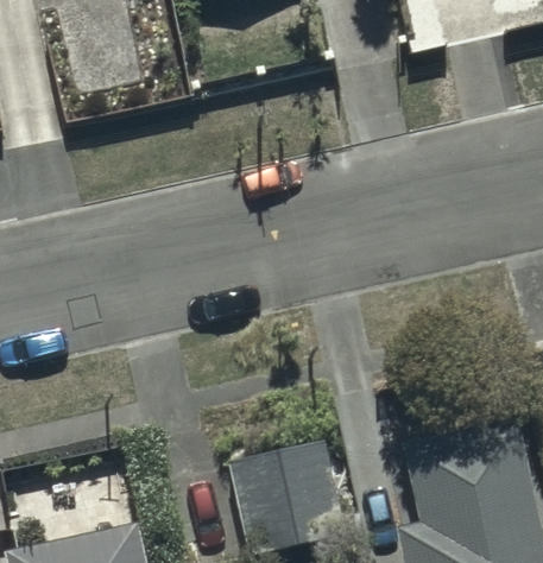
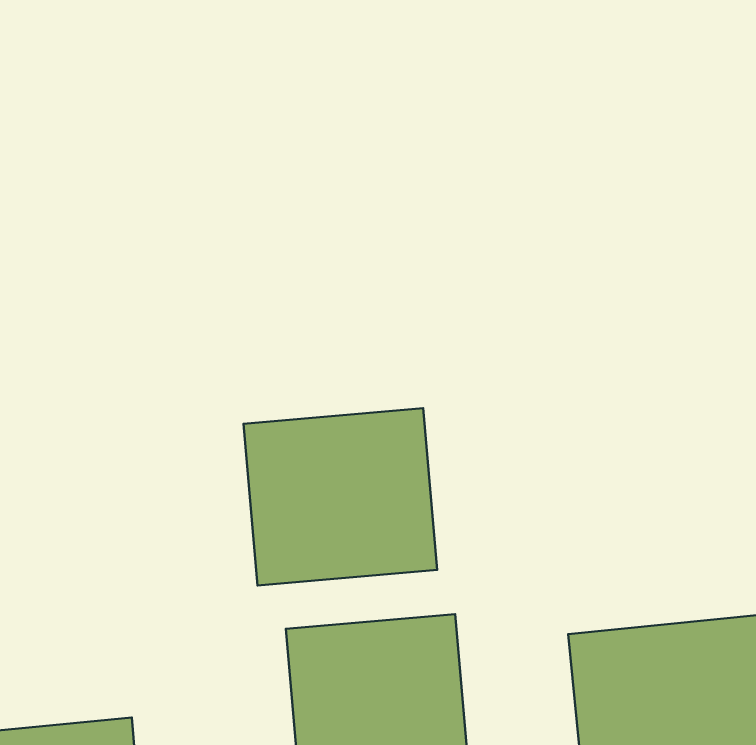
building: none -> [243,408,437,585]

